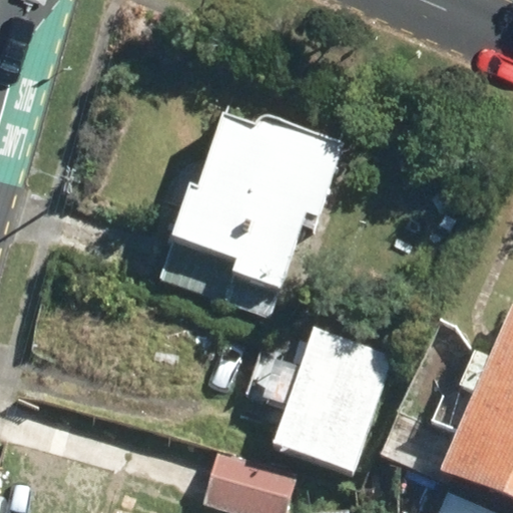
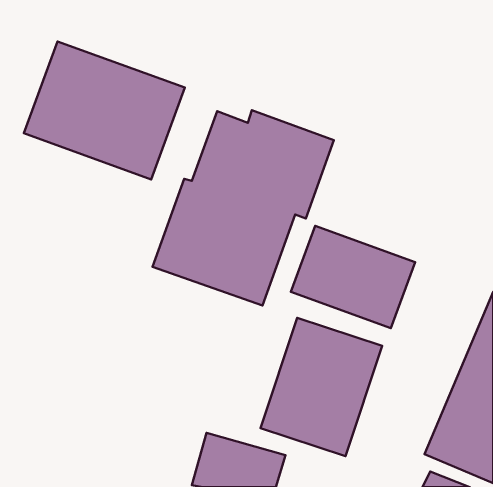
building: none -> [24,41,185,179]
building: none -> [291,226,415,328]

